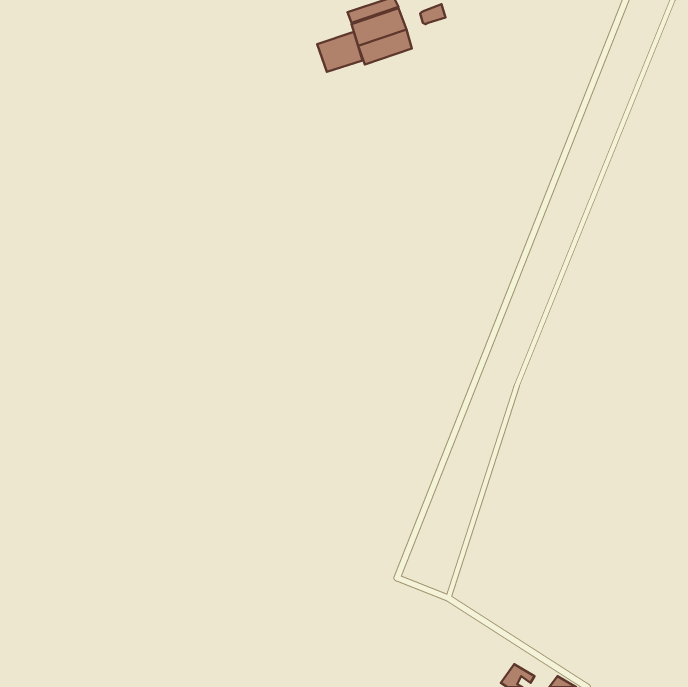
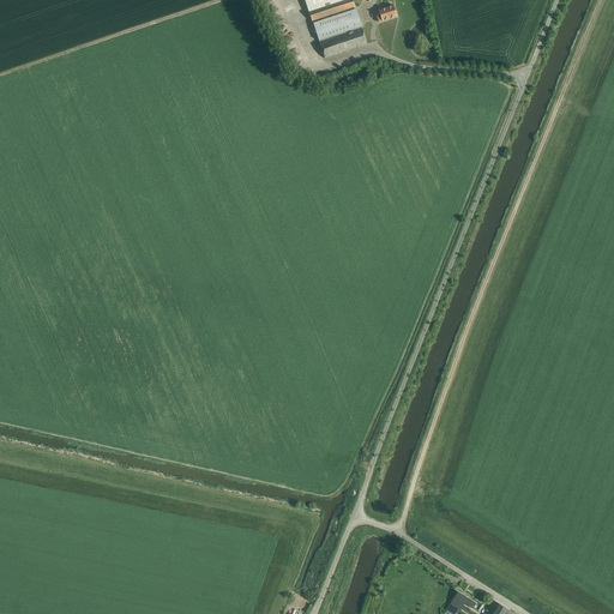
building: [317,32,363,72] -> none

